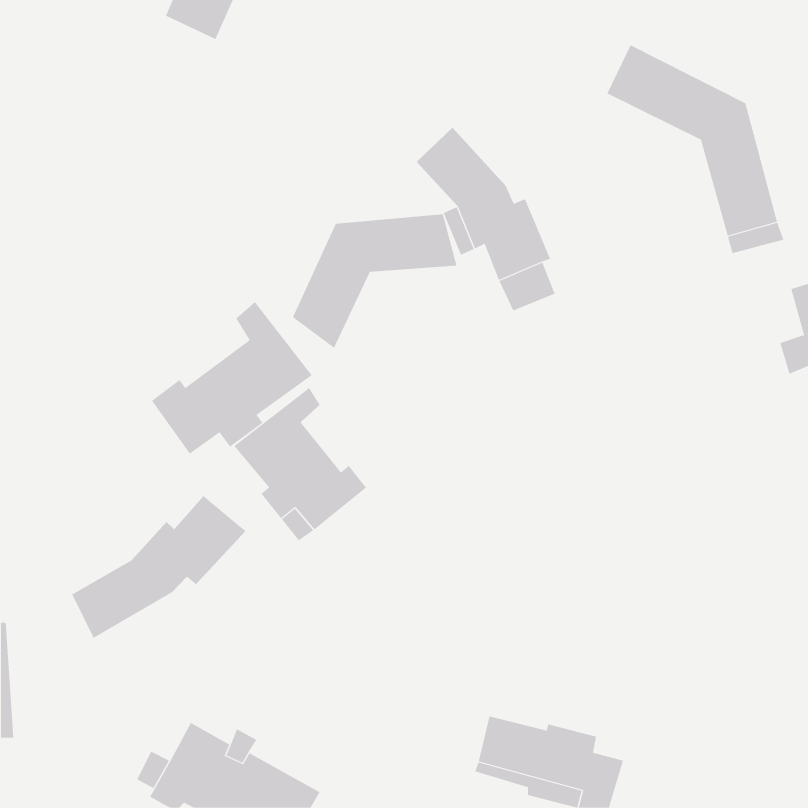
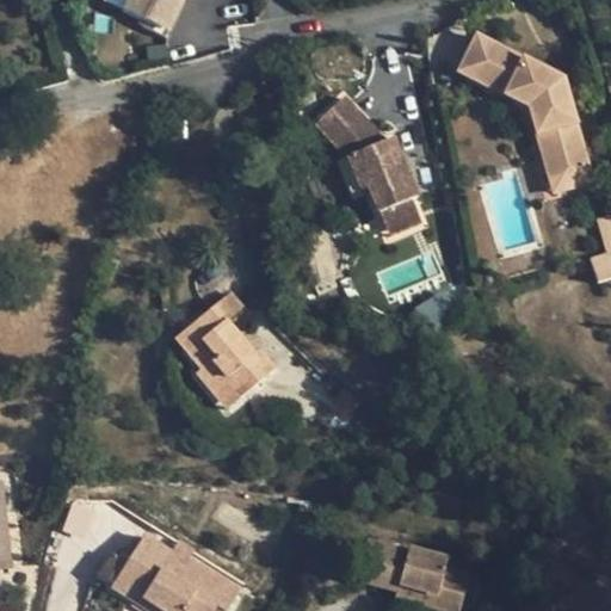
building: [292,214,457,349] -> none
building: [151,301,312,454] -> none
building: [72,495,246,639] -> none

